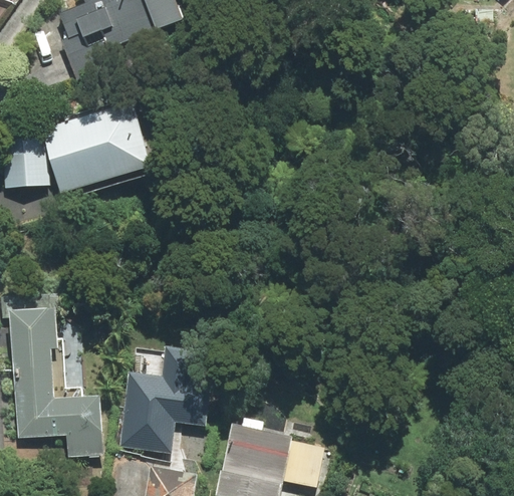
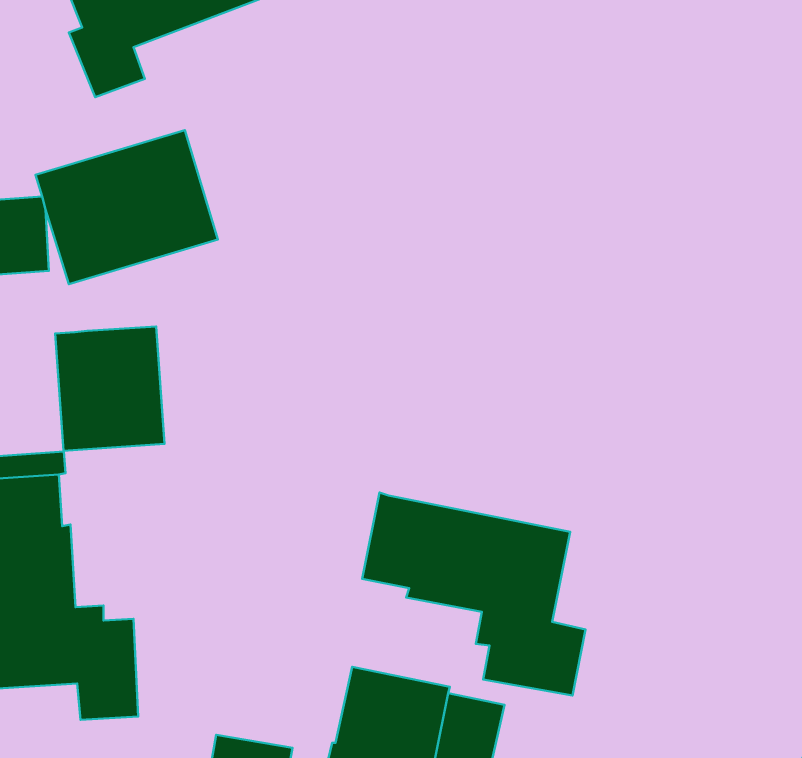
building: none -> [55,326,165,451]
building: none -> [362,493,585,695]
building: [118,347,212,453] -> none

